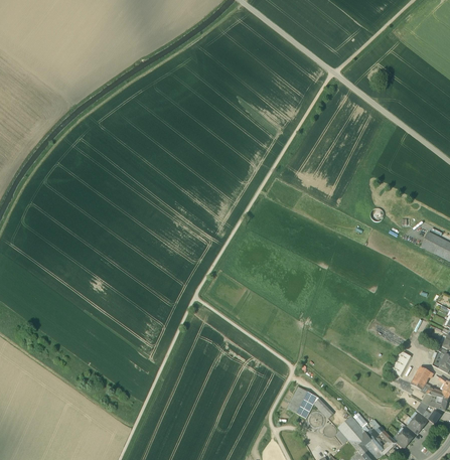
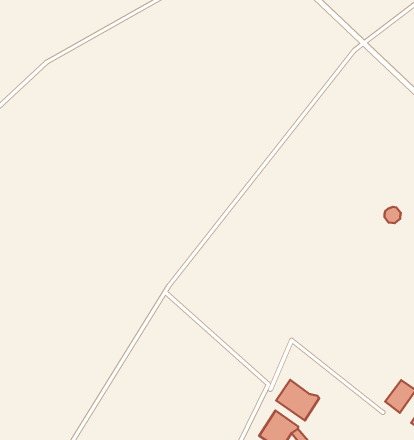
building: none -> [276,380,319,420]

